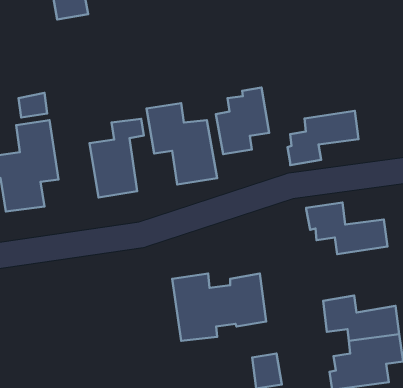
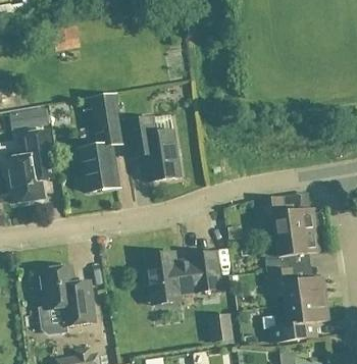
building: none -> [93,94,121,132]
building: [216,88,269,154] -> none
building: [288,111,359,165] -> [263,229,319,272]
building: none -> [40,265,95,333]

